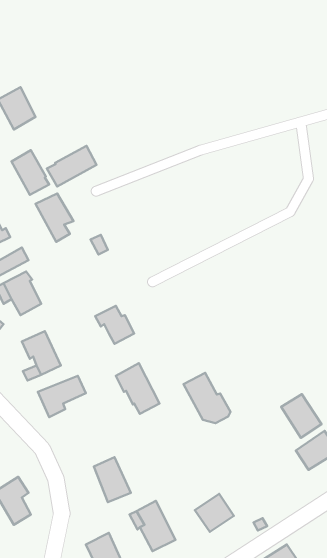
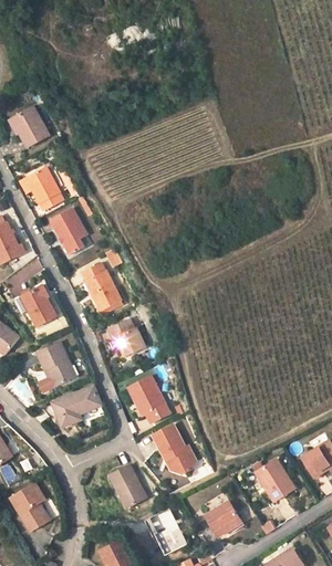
building: [47,146,96,186] -> none
building: none -> [81,263,121,312]
building: [183,373,230,423] -> [151,422,196,471]
building: [281,394,321,438] -> [253,457,292,499]

